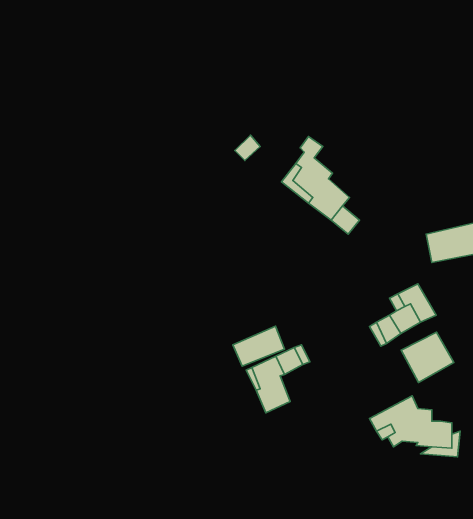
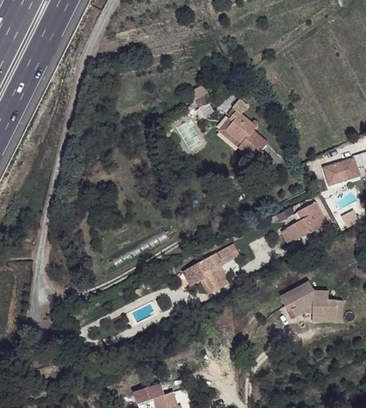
building: [233,326,285,366] -> none
building: [401,332,454,383] -> none

